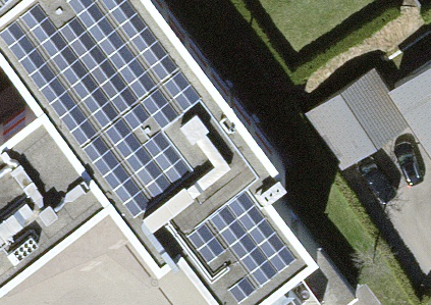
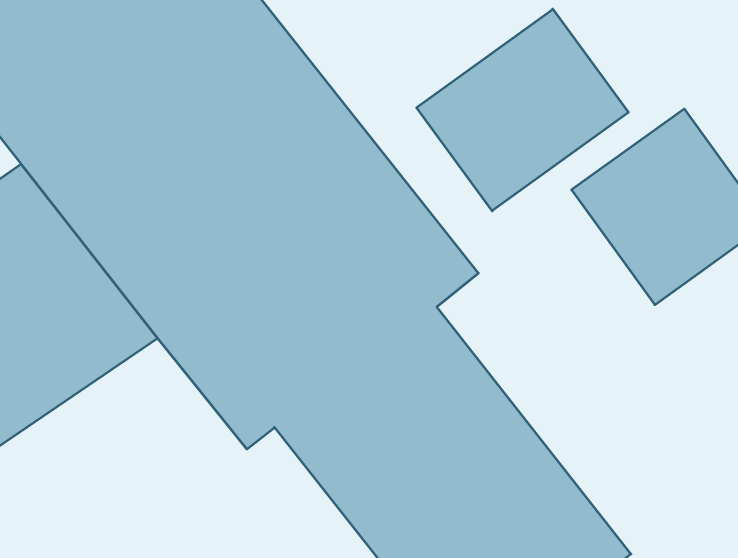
building: none -> [417,9,628,211]

